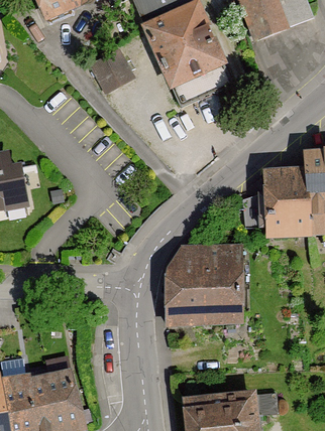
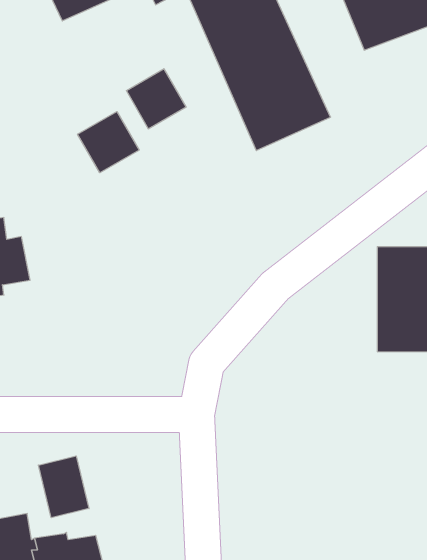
building: none -> [78,112,139,173]
building: [167,245,241,322] -> none
building: none -> [38,456,89,518]

